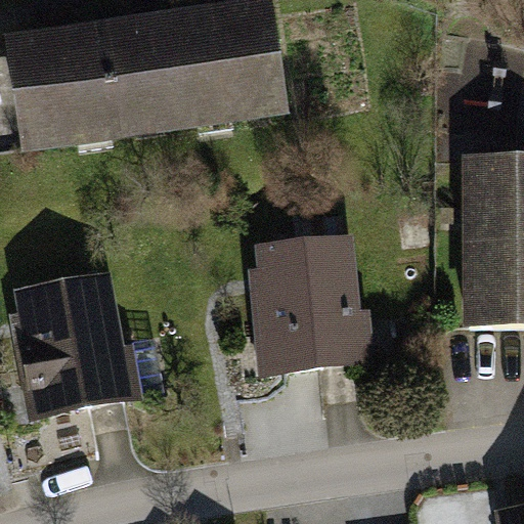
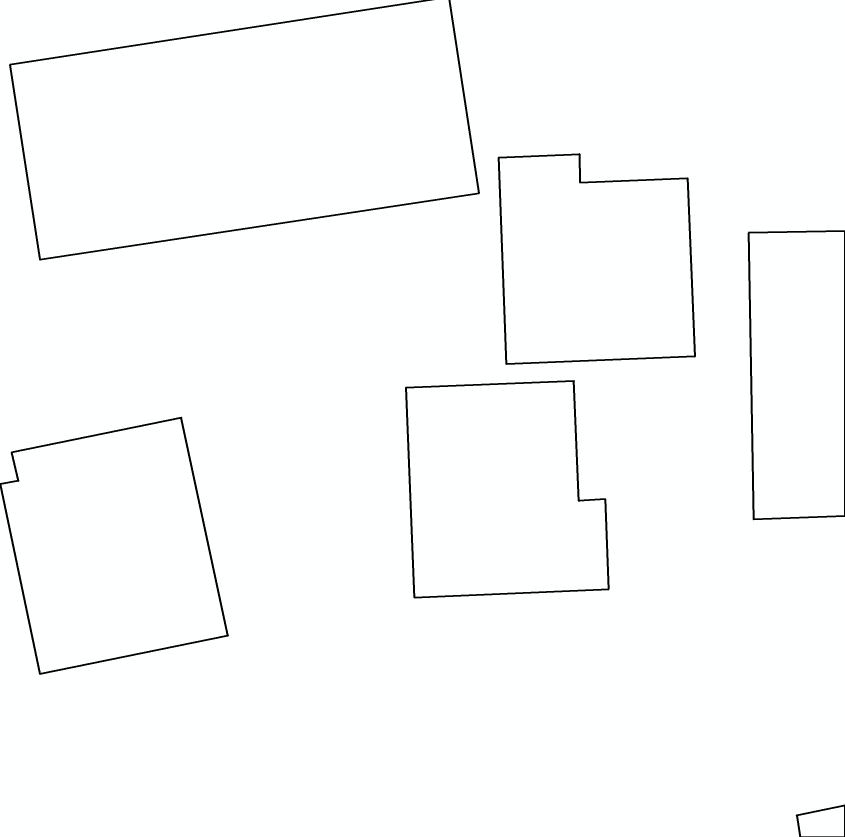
building: none -> [499,154,695,364]

